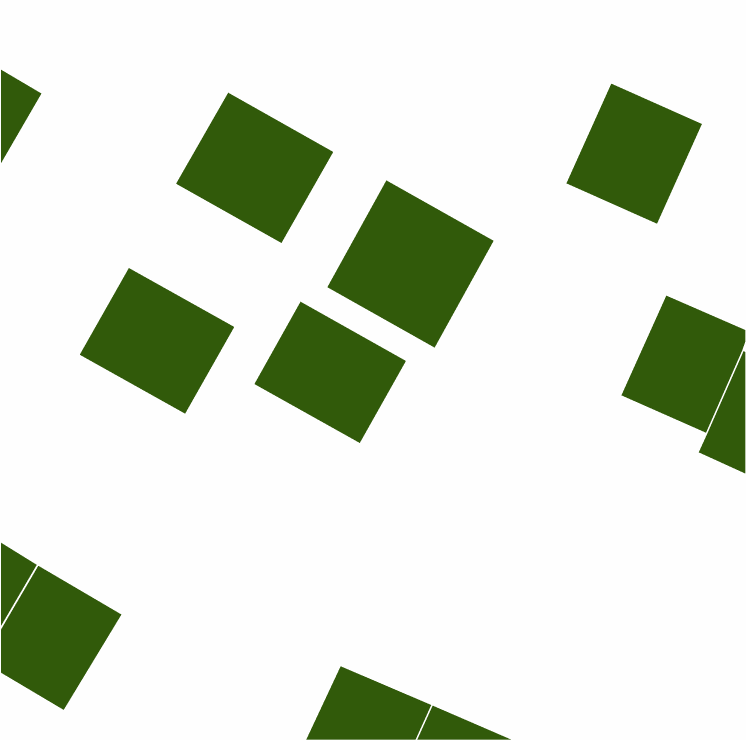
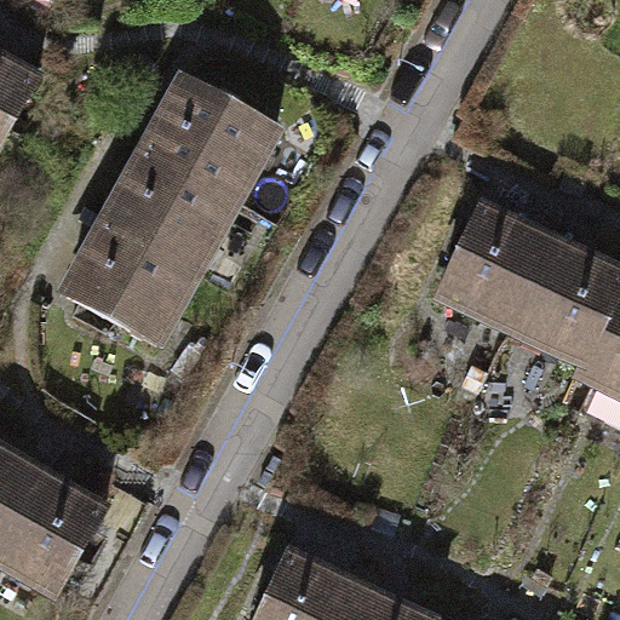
building: [566,83,703,224] -> [438,211,552,328]
building: [326,180,495,348] -> none
building: [253,301,407,444] -> [107,153,234,271]

